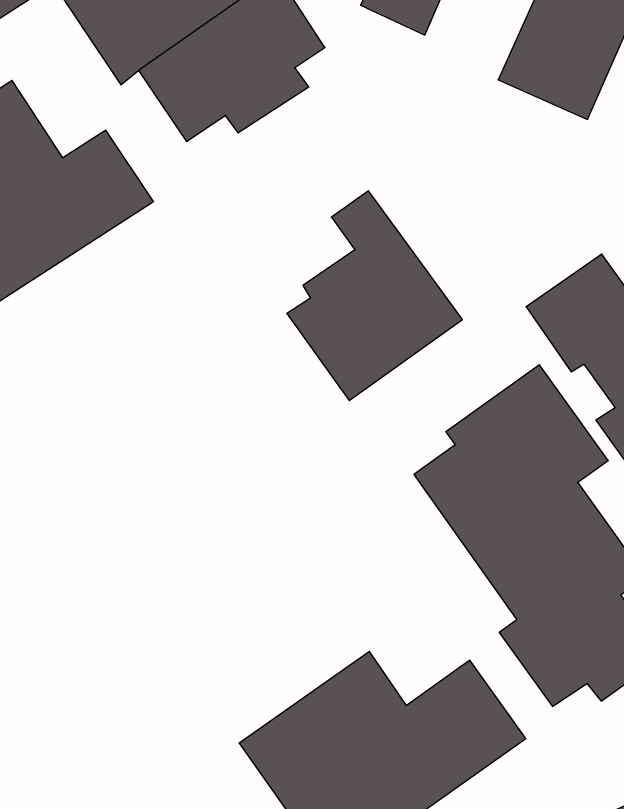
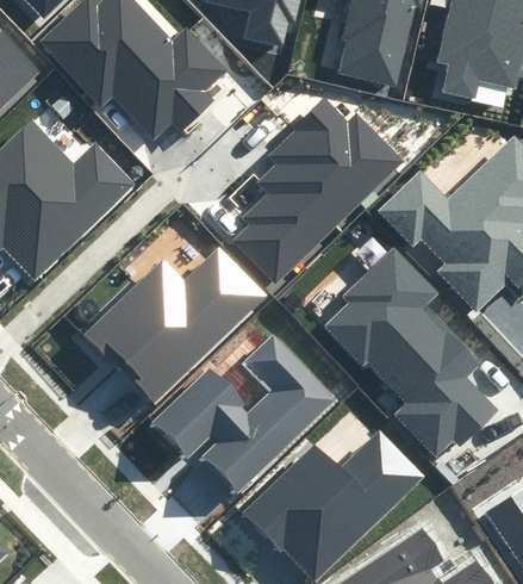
building: none -> [268,99,403,223]
building: none -> [86,244,269,404]
building: none -> [158,330,340,495]

